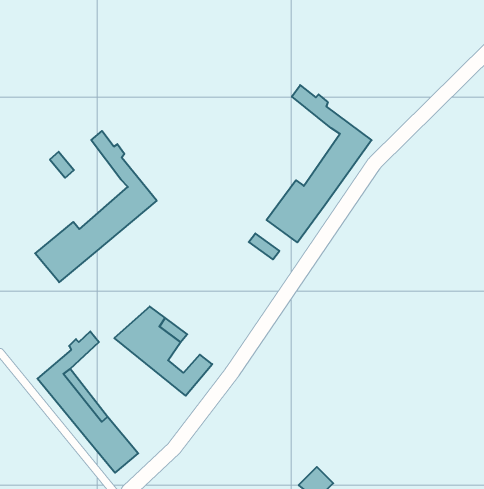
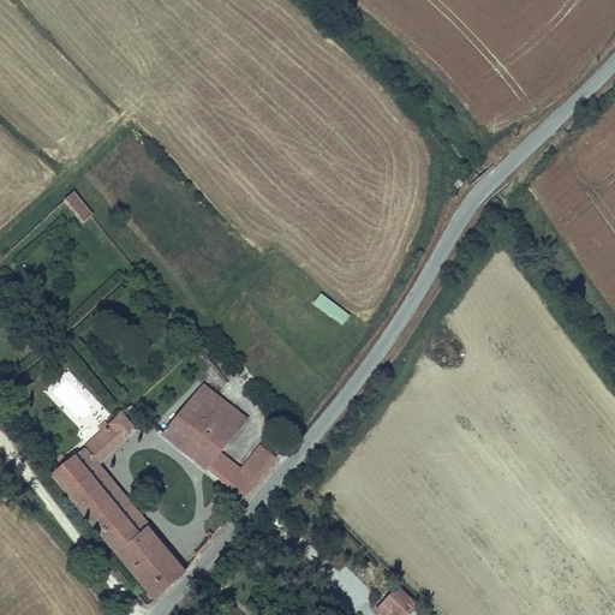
building: [267,85,372,242] -> none
building: [35,131,157,282] -> none

